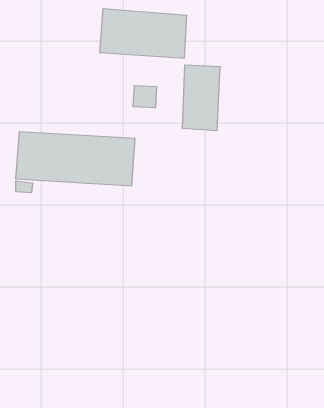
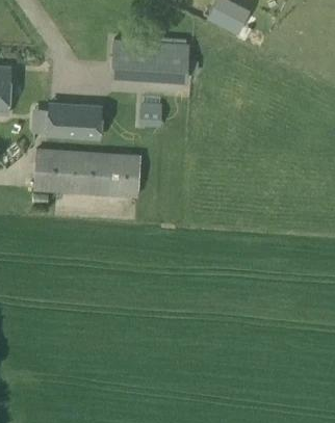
building: [183,65,220,131] -> none
building: none -> [48,102,105,140]

